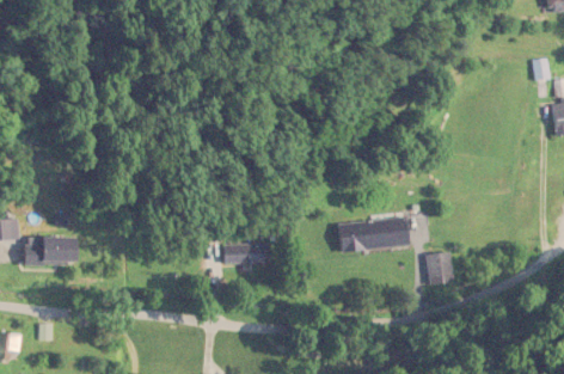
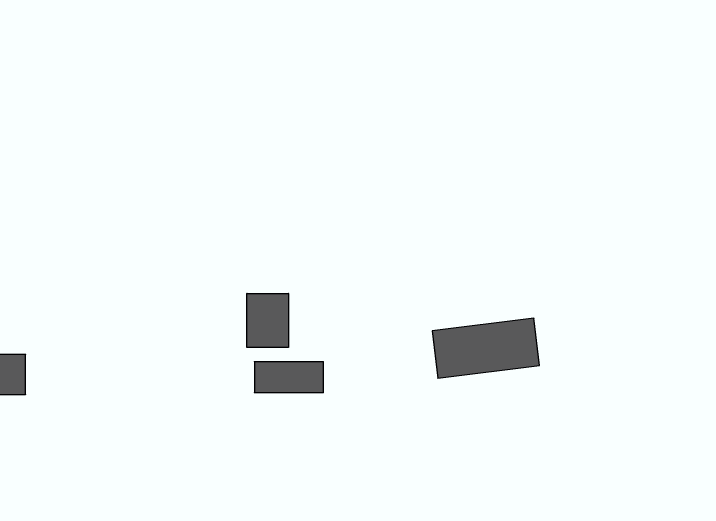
building: none -> [247,293,288,347]
building: [428,251,453,282] -> none

